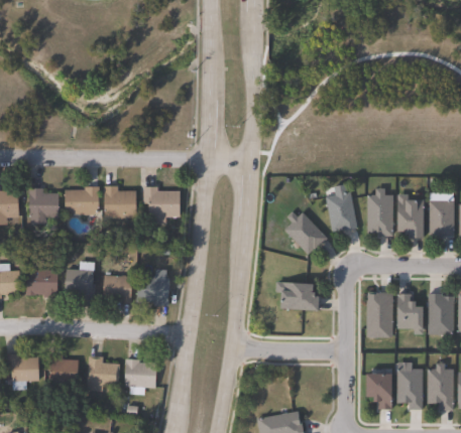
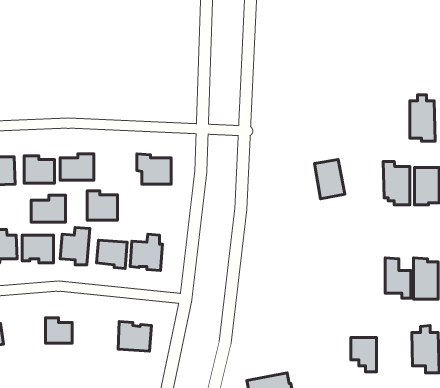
building: [104,186,135,216] -> [87,191,118,220]
building: [367,188,393,236] -> [410,95,435,141]
building: [285,212,326,255] -> none
building: none -> [31,195,65,222]
building: [275,282,317,311] -> none
building: [366,292,393,337] -> none
building: [11,354,38,390] -> none
building: [87,356,118,392] -> none
building: [396,370,422,410] -> none

